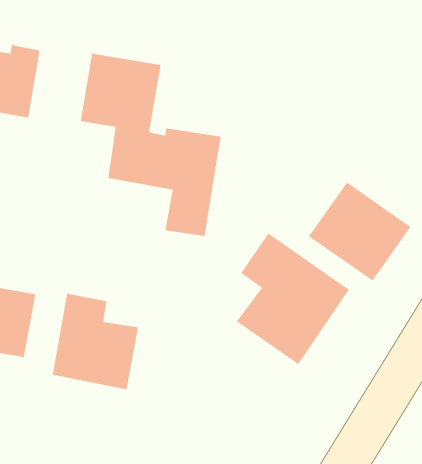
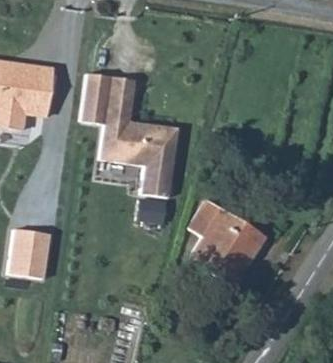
building: [308,182,412,282] -> none
building: [52,293,139,390] -> none

